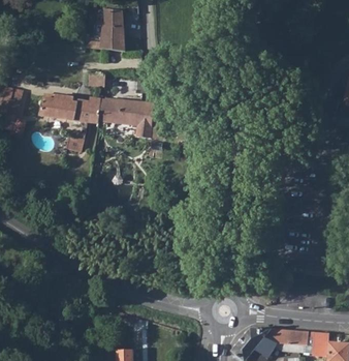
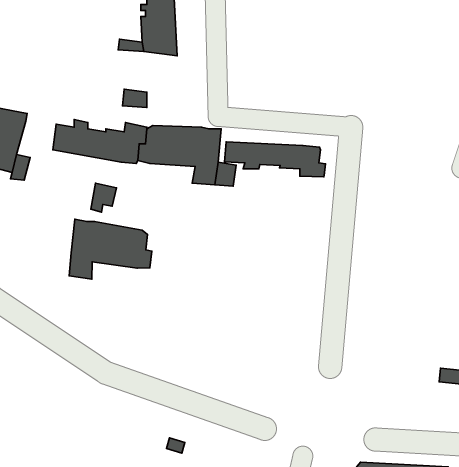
building: none -> [225,142,325,177]
building: none -> [69,219,152,279]

